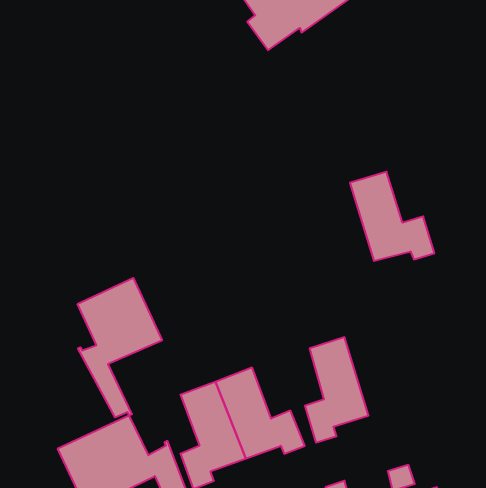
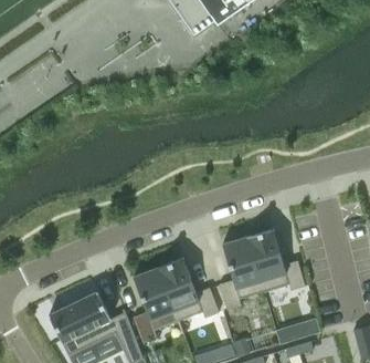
building: [350,172,434,261] -> [247,229,306,291]
building: [78,278,162,417] -> none

